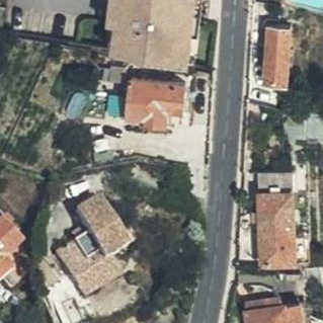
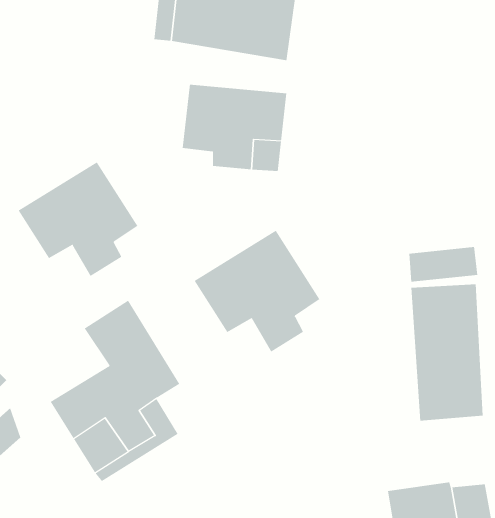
building: [270,34,293,84] -> none
building: none -> [18,161,138,277]
building: none -> [194,230,320,353]

